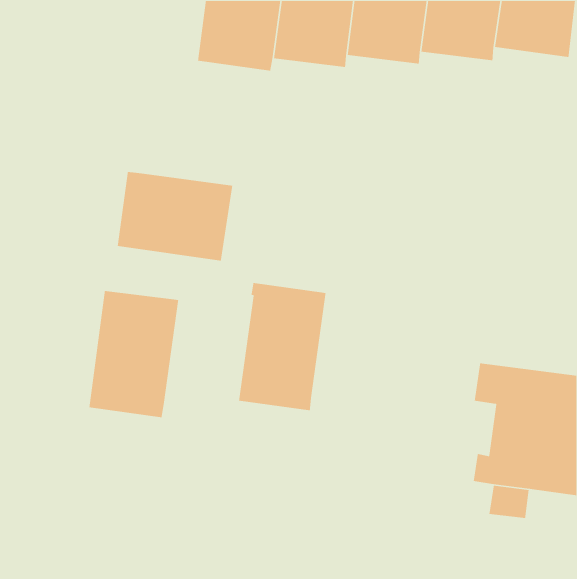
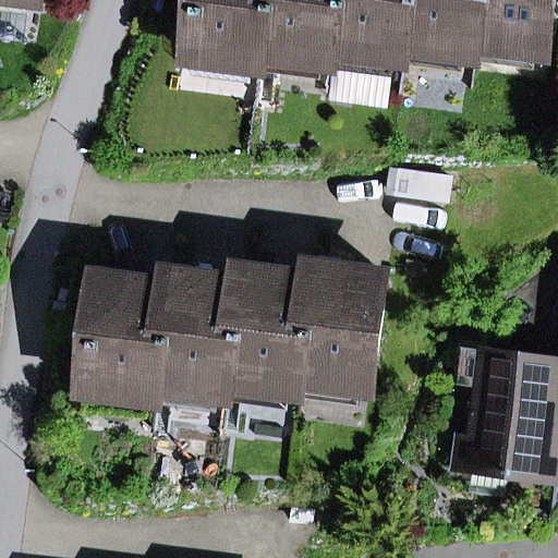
building: [117,171,233,262] -> none
building: none -> [300,268,387,392]
building: none -> [158,275,243,399]

